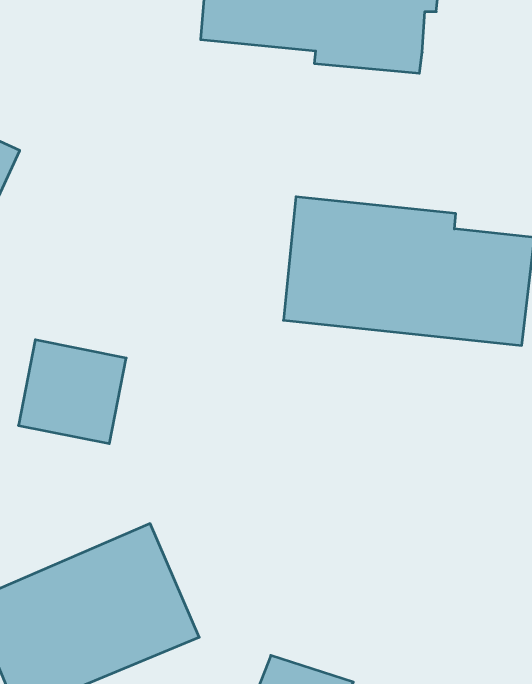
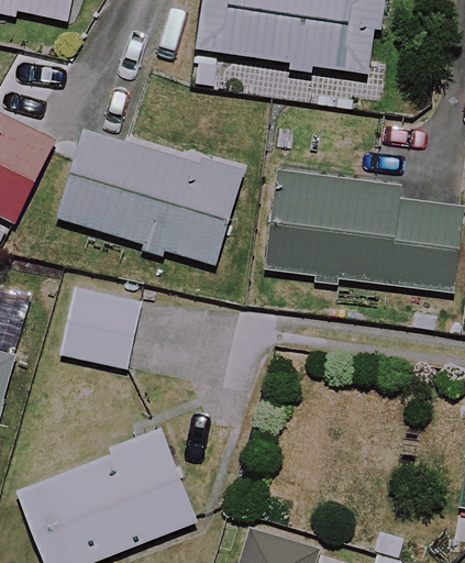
building: none -> [57,131,240,261]

